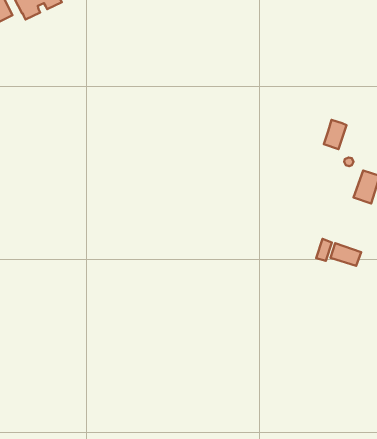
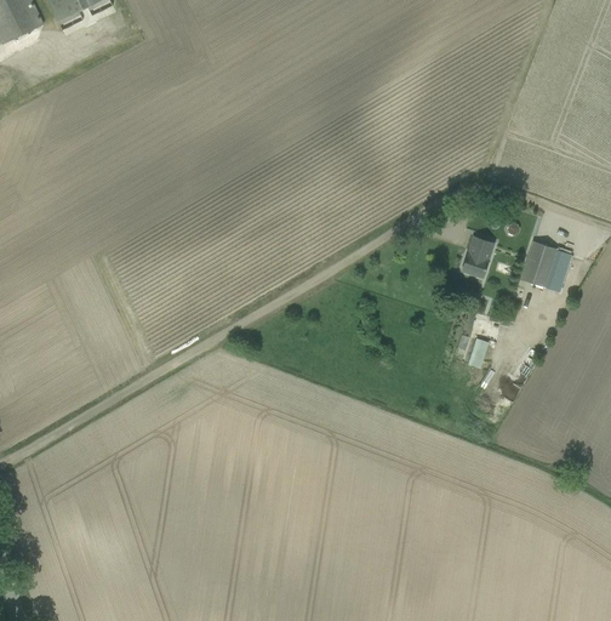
building: [324,120,346,149] -> [462,235,493,277]
building: [330,243,361,266] -> none

